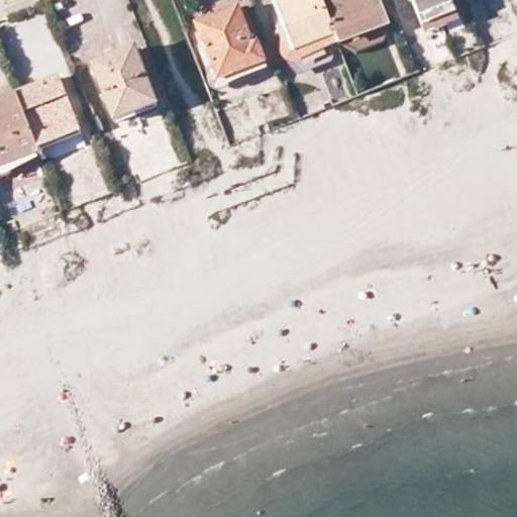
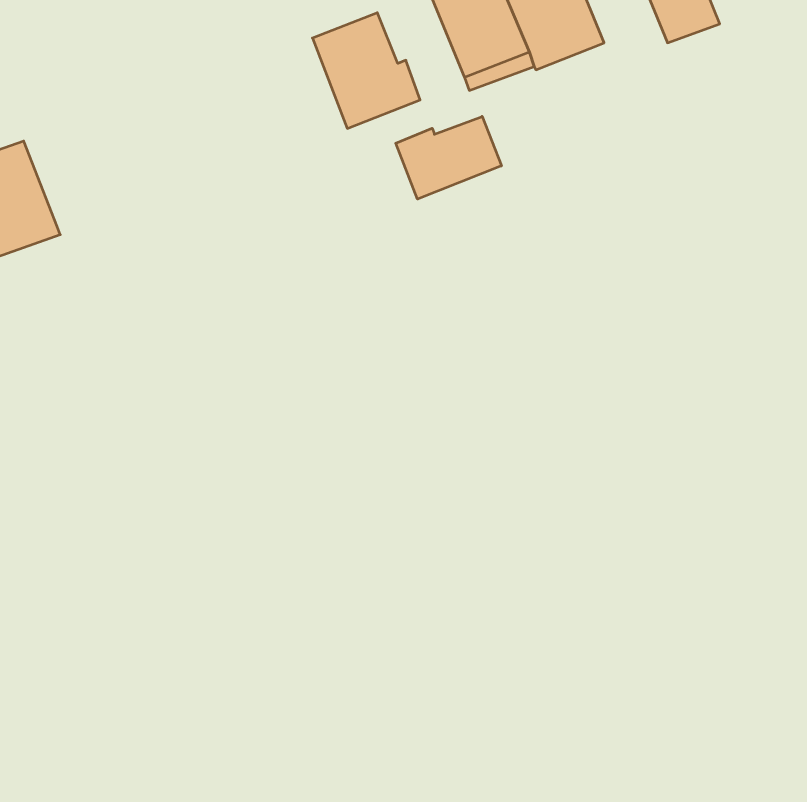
building: [91,45,157,120] -> none
building: [15,74,79,144] -> none
building: none -> [396,116,501,199]

